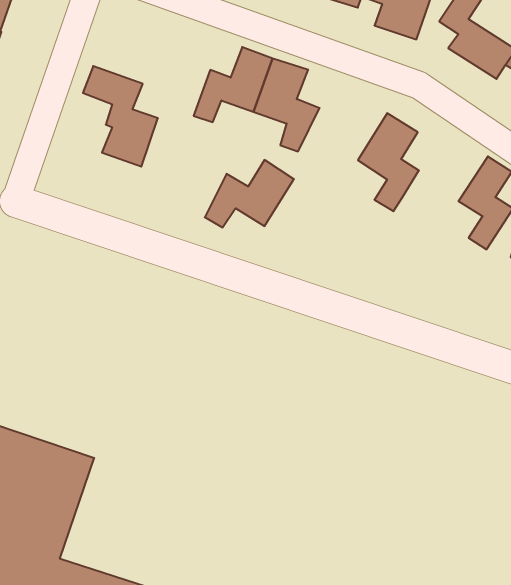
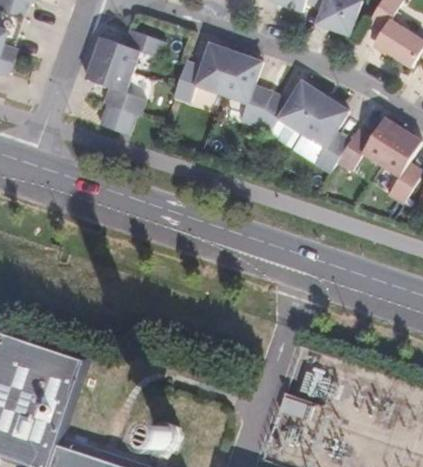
building: none -> [93,28,165,71]
building: none -> [336,116,403,169]
building: [205,160,294,227] -> [254,79,324,132]

